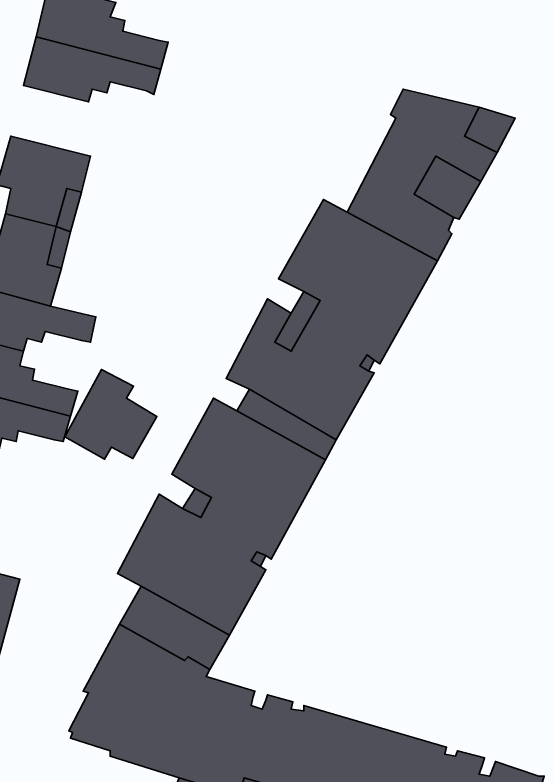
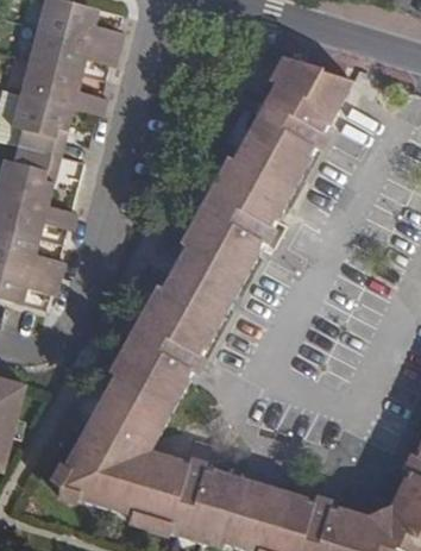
building: none -> [21,60,108,114]
building: [65,369,157,459] -> none

